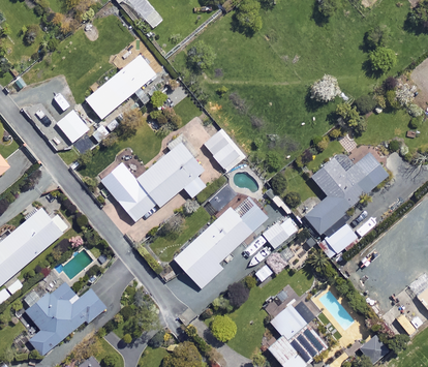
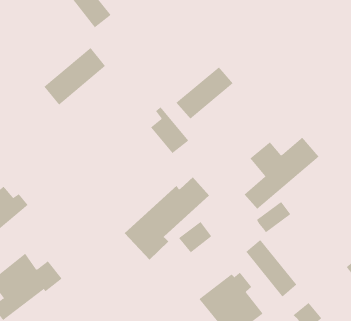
building: none -> [176,66,234,120]
building: [57,110,88,142] -> none
building: [101,141,206,221] -> none
building: [262,215,299,250] -> [178,221,212,253]
building: none -> [245,239,297,297]

